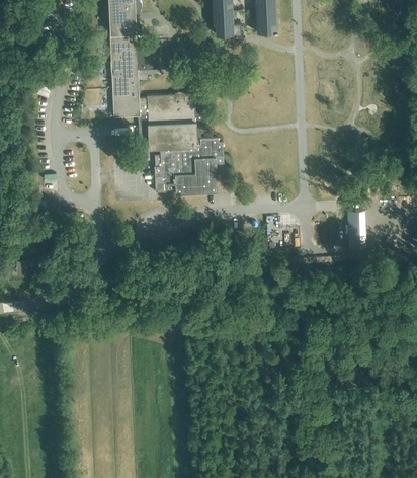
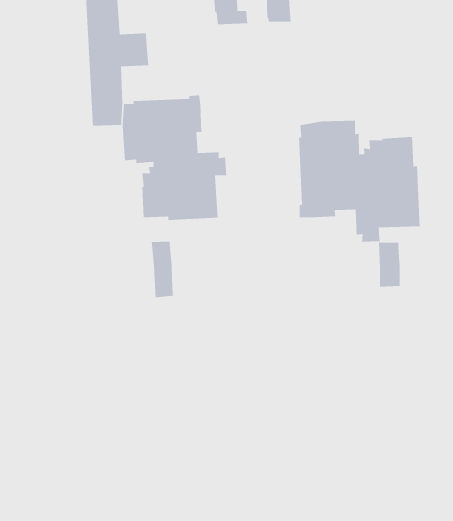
building: none -> [298,120,420,242]
building: none -> [151,241,174,298]

